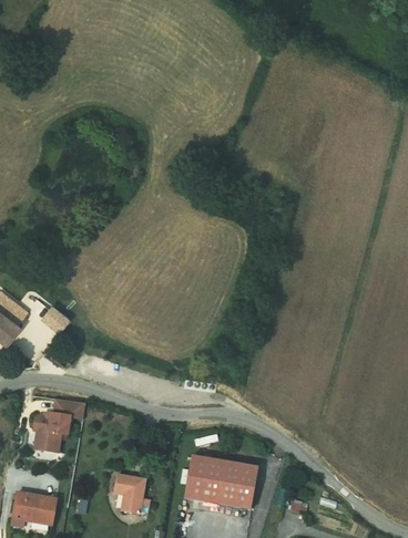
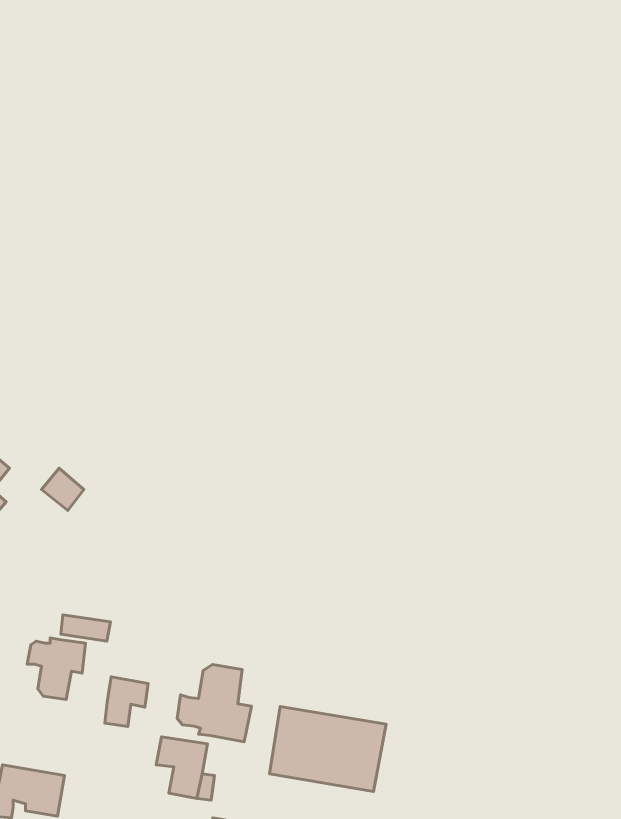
building: none -> [177,665,252,742]
building: none -> [105,677,148,726]

